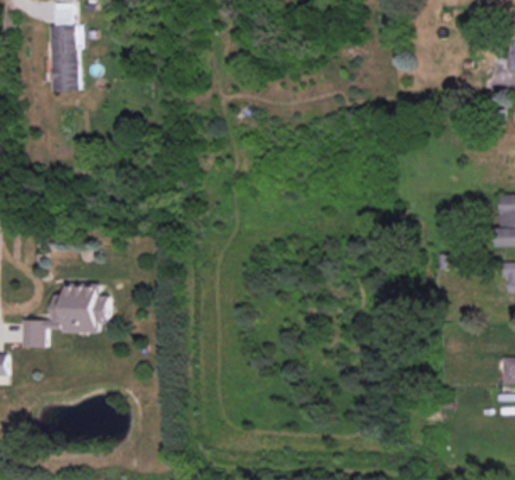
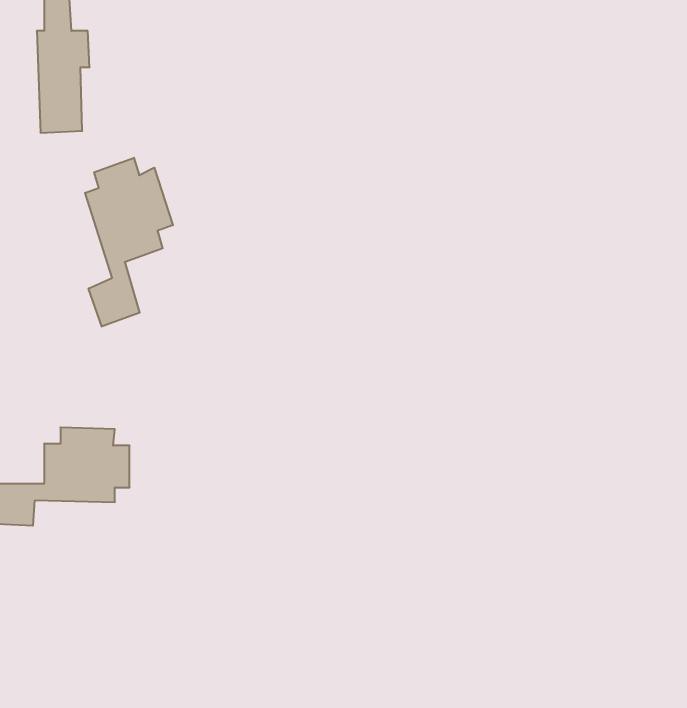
building: none -> [85,158,173,327]

